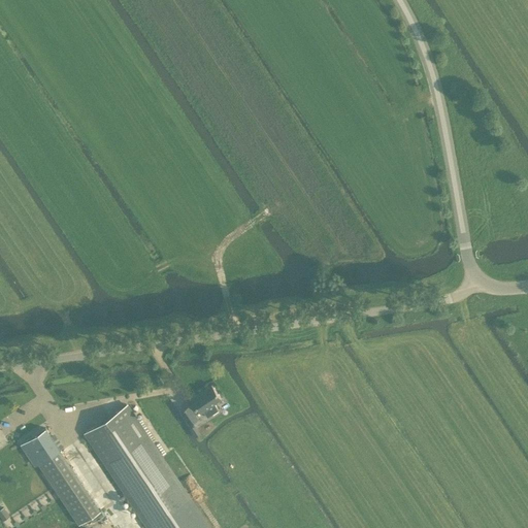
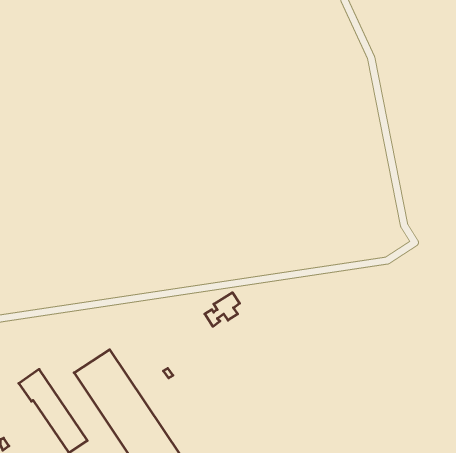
building: [180,388,221,427] -> [205,293,240,326]

